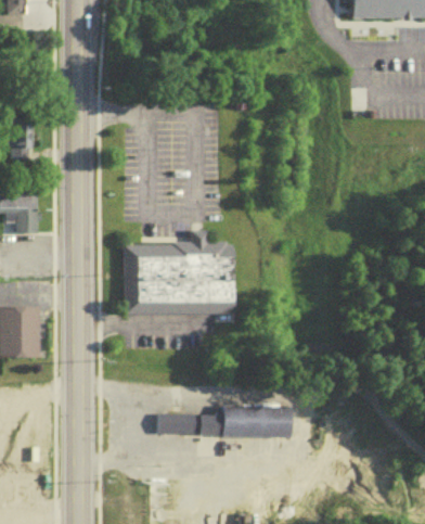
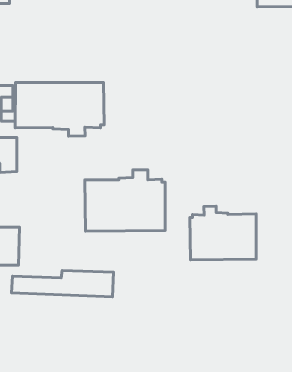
building: none -> [15,83,104,136]
building: none -> [190,206,256,260]
building: [153,405,286,439] -> [12,270,113,297]

